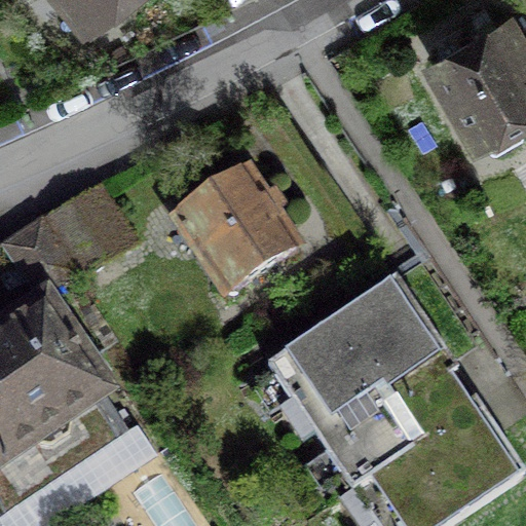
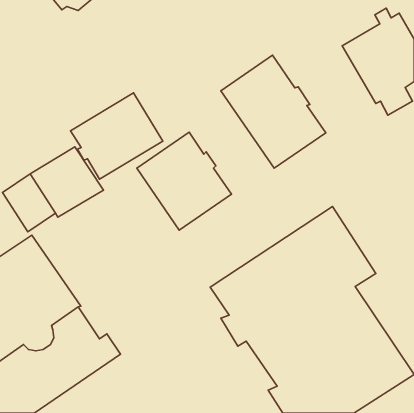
building: none -> [221,55,326,168]
building: none -> [70,93,163,179]

